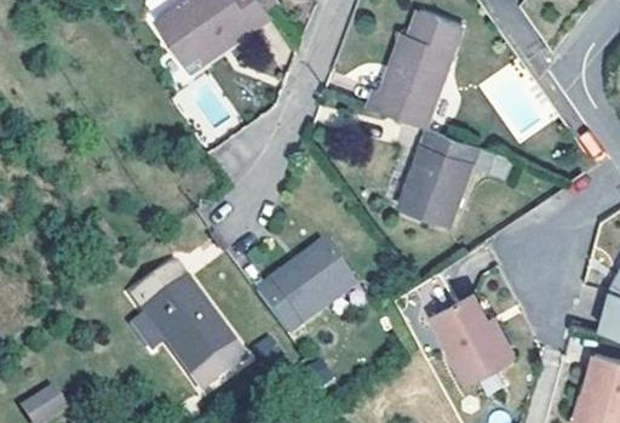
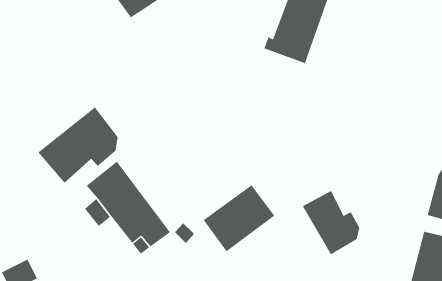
building: [402,127,510,222] -> none
building: none -> [38,107,118,184]
building: [252,238,350,330] -> [203,184,275,252]

